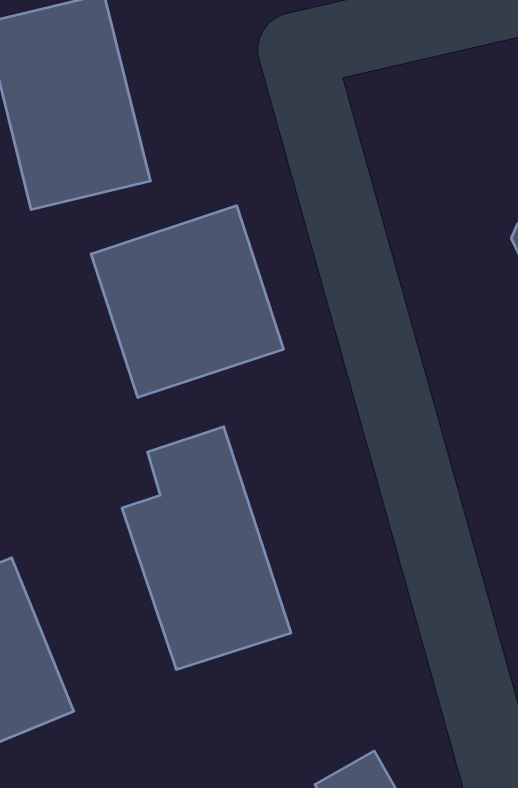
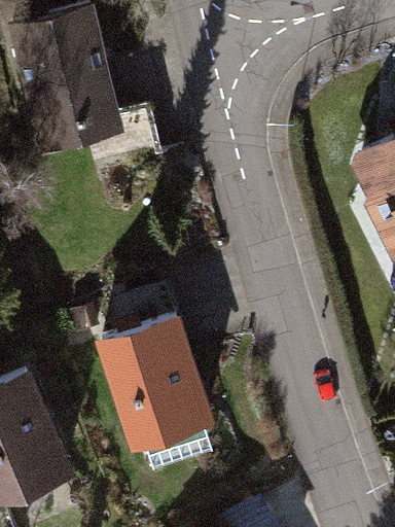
building: [91,206,283,398] -> none

